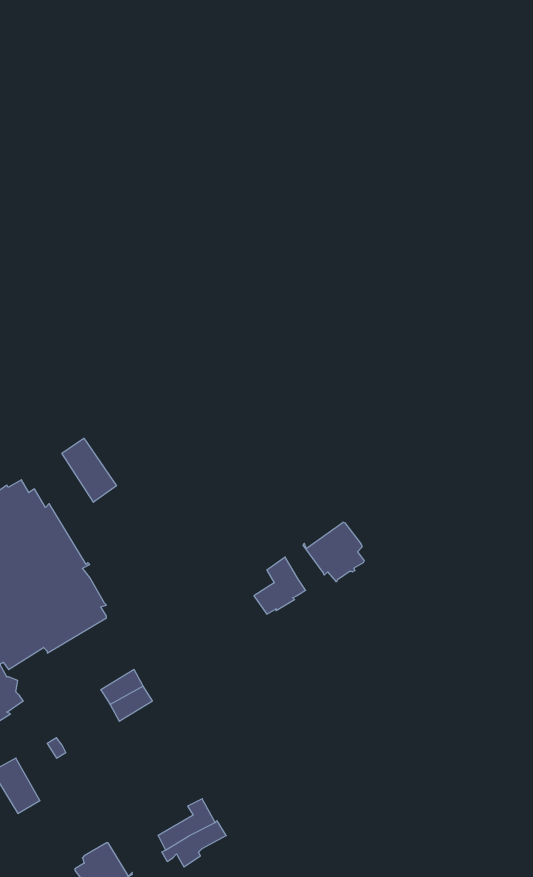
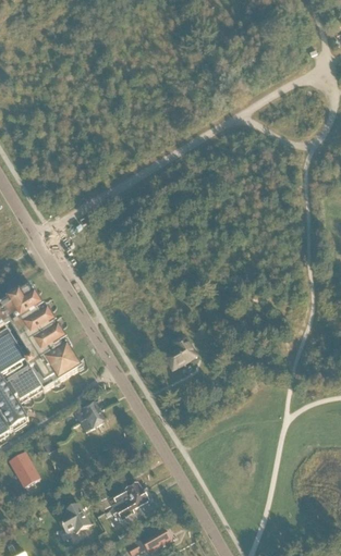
building: [62,438,116,502] -> none
building: [303,522,364,582] -> none

